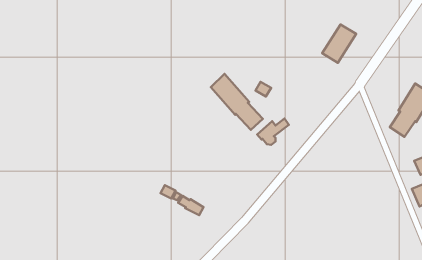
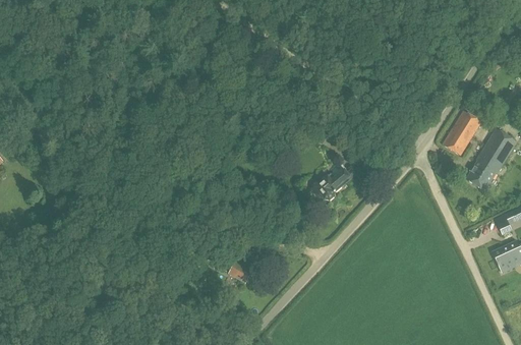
building: [322,24,356,63] -> [442,110,481,155]
building: [211,74,263,130] -> none

